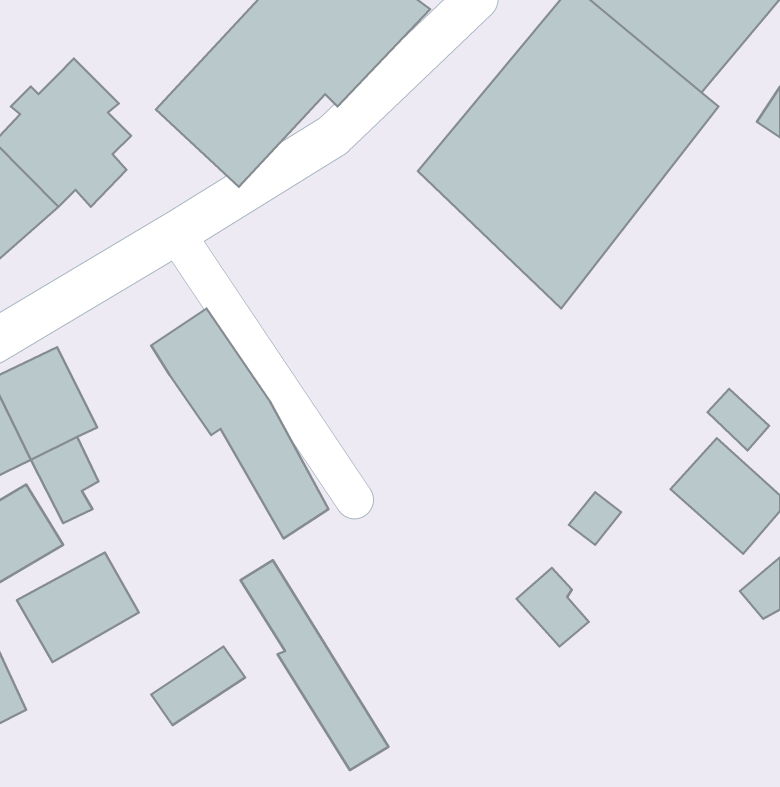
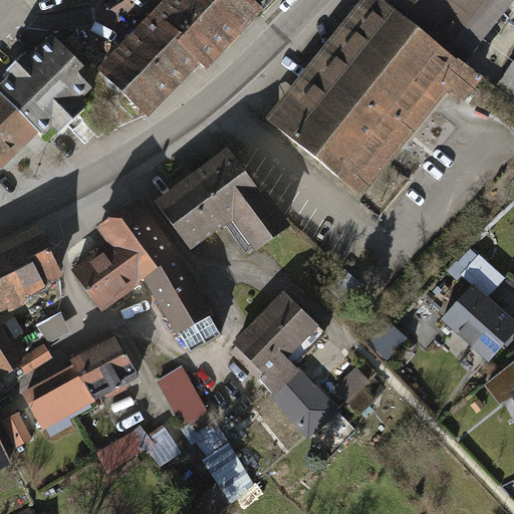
building: none -> [152,148,275,246]
building: none -> [72,244,138,308]
building: none -> [239,289,333,437]
building: none -> [68,334,135,399]

